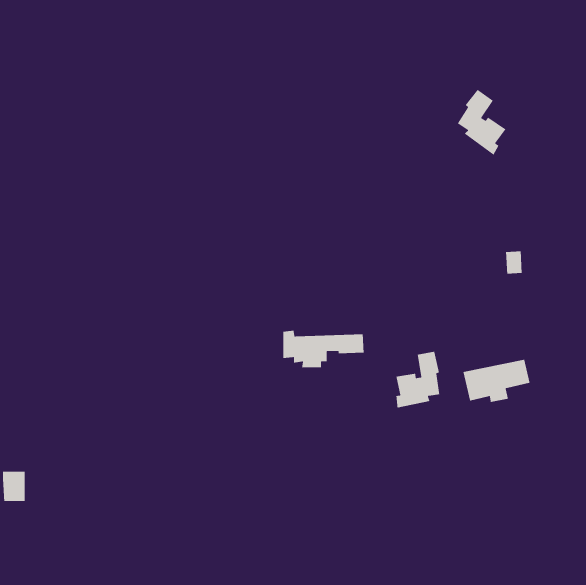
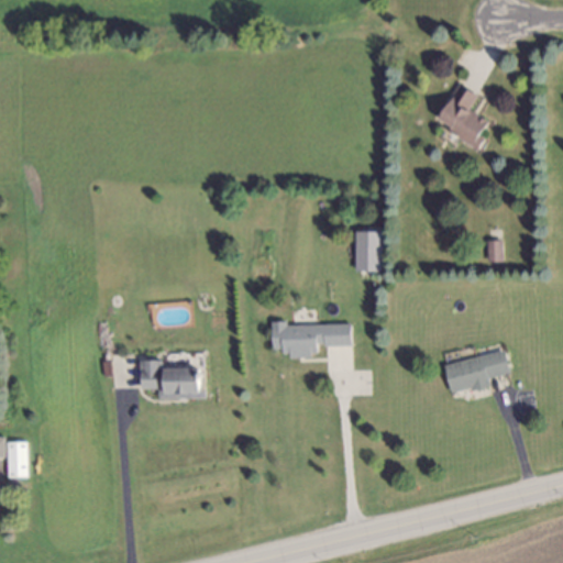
building: none -> [356,230,384,275]
building: [395,351,440,408] -> none
building: none -> [141,364,199,399]

